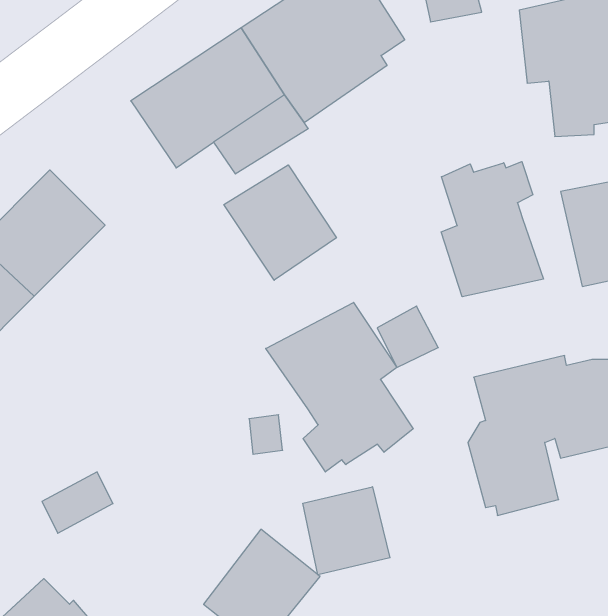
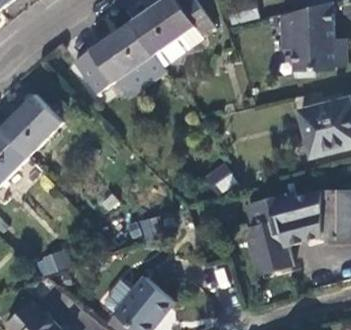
building: [441,162,543,297] -> none
building: [224,165,336,280] -> none
building: [266,302,413,472] -> none
building: [303,487,390,575] -> none

